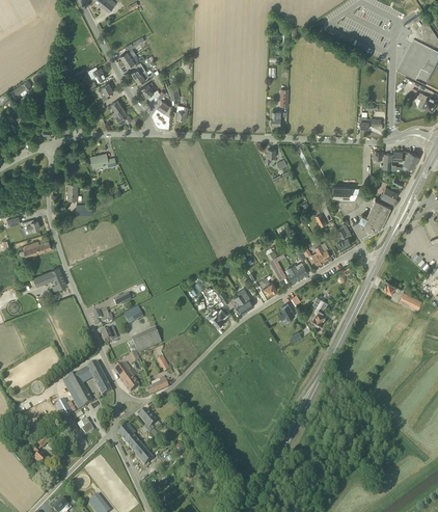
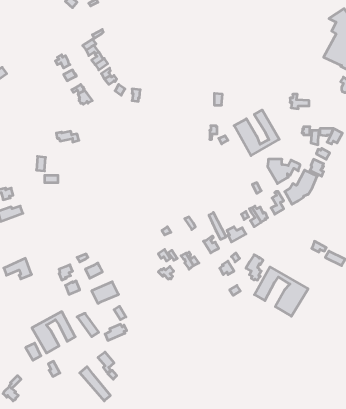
building: none -> [234,110,279,156]
building: [34,267,66,291] -> [4,258,32,279]
building: none -> [254,267,308,316]

